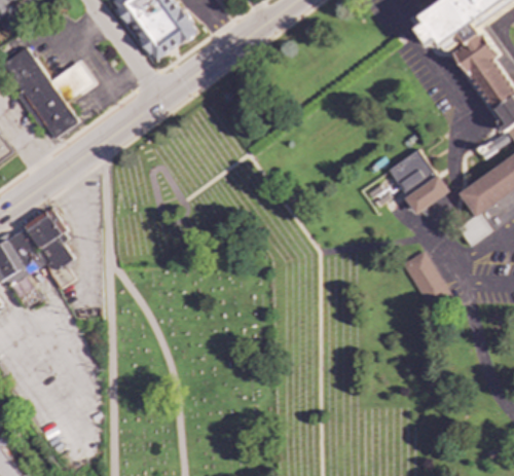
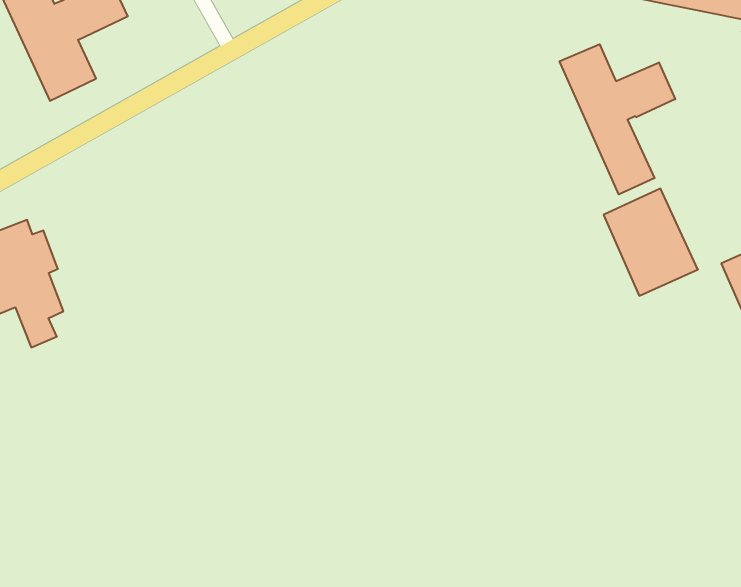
building: none -> [560,44,675,194]
building: [400,249,443,303] -> none

